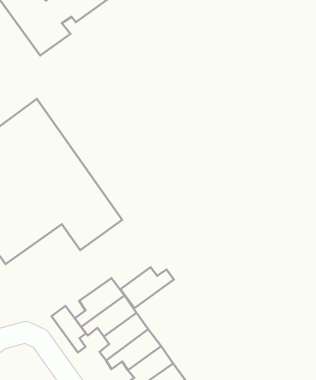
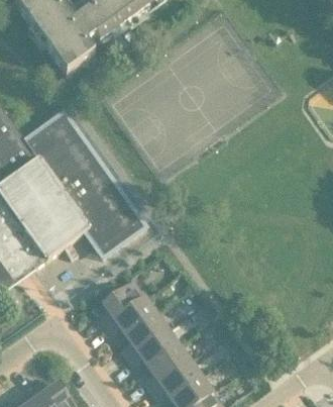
building: [121,267,174,308] -> none
building: [52,306,86,352] -> none

